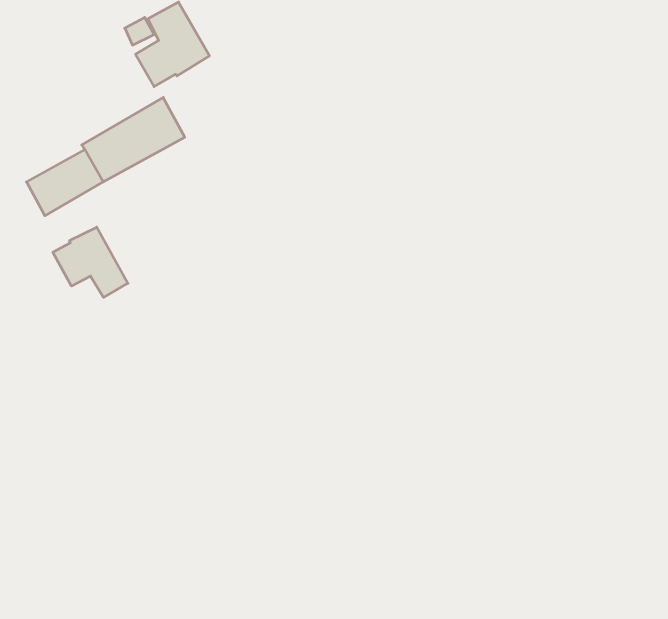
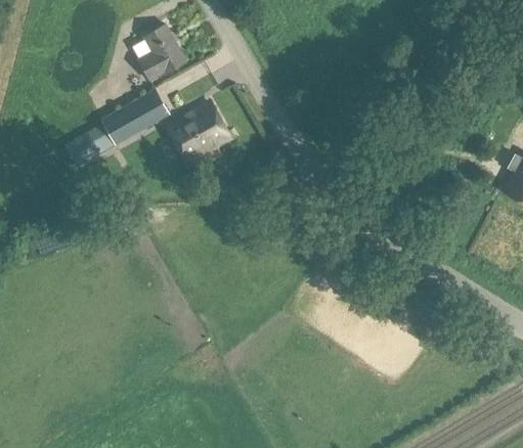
building: none -> [169,103,230,163]
building: [53,227,128,297] -> none

